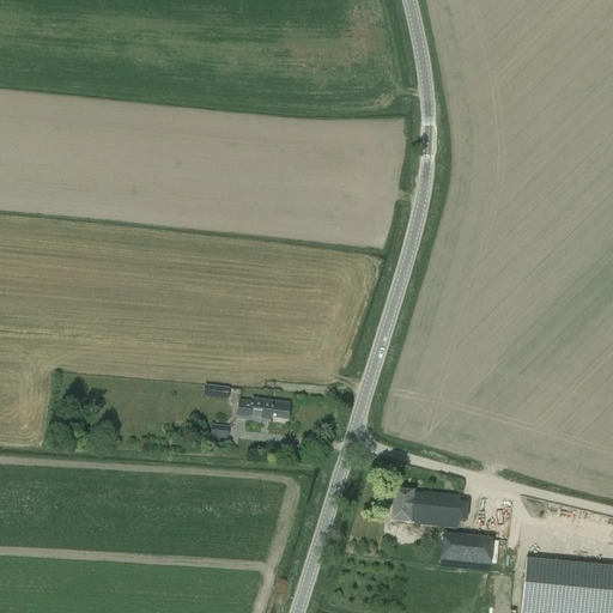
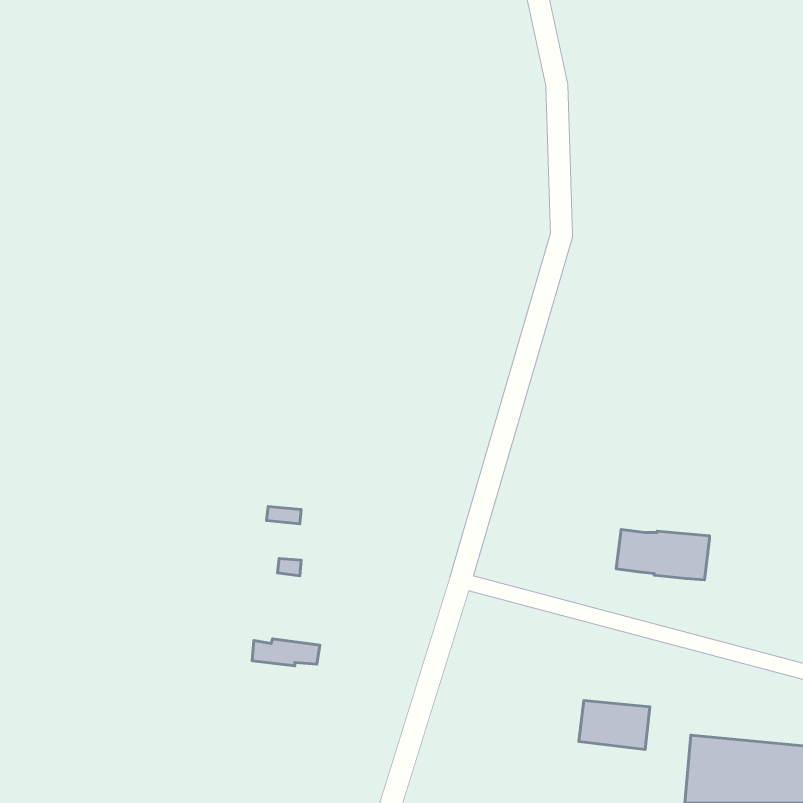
building: [239,399,291,419] -> [252,639,320,666]
building: [393,490,463,528] -> [616,529,709,580]

